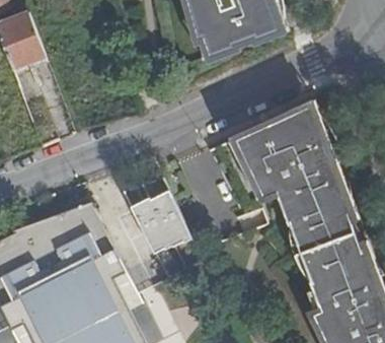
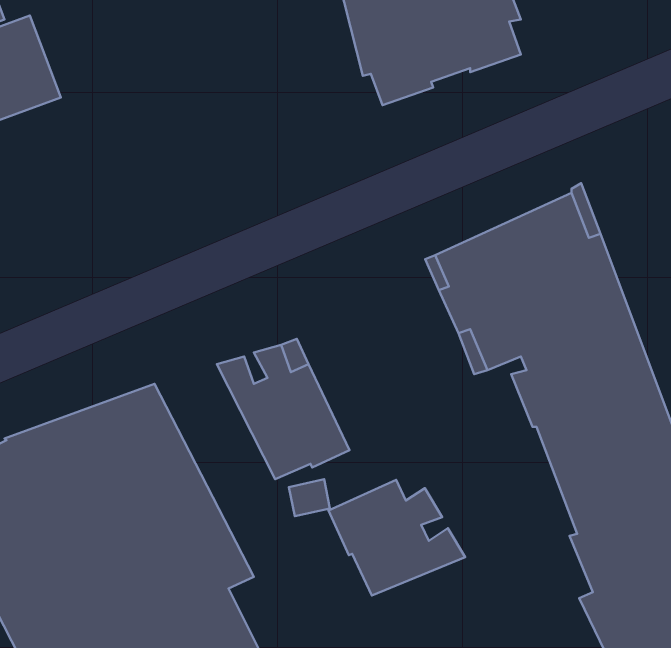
building: none -> [329,480,465,595]

